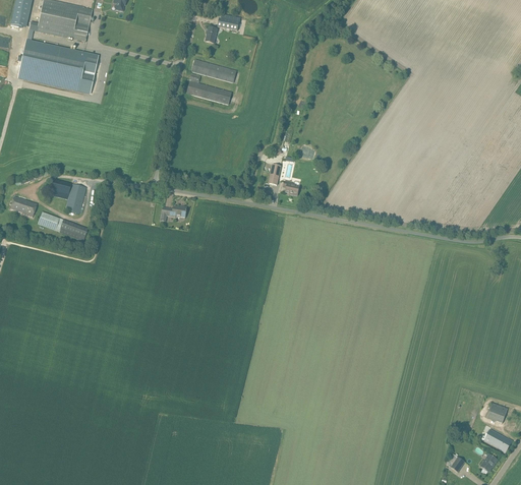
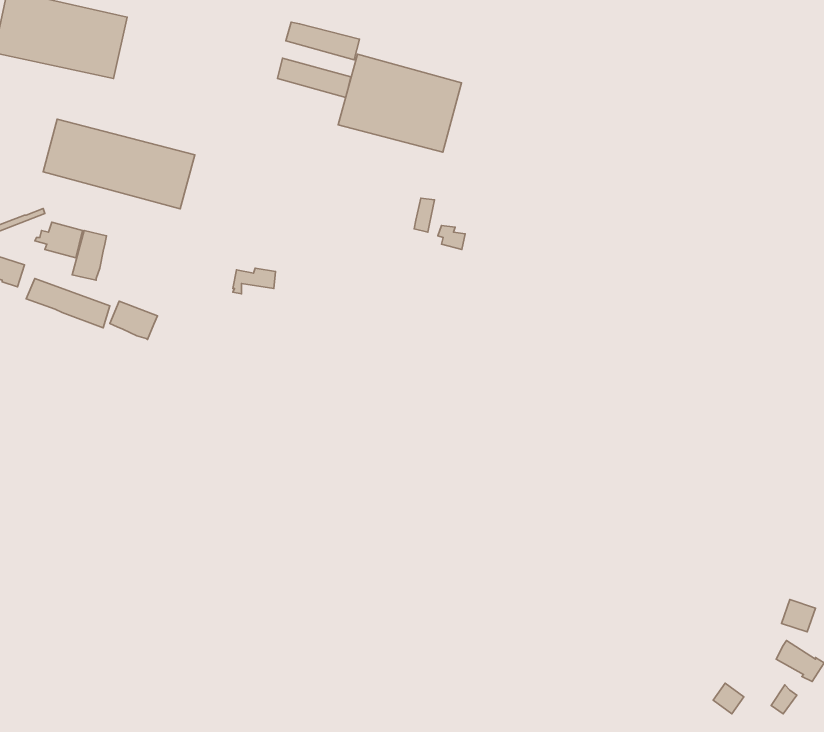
building: none -> [338,54,462,152]
building: none -> [43,119,195,209]
building: none -> [110,301,158,340]

